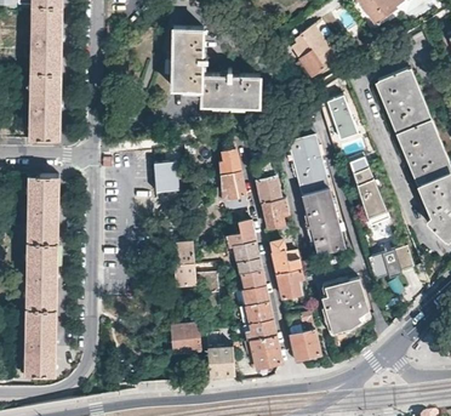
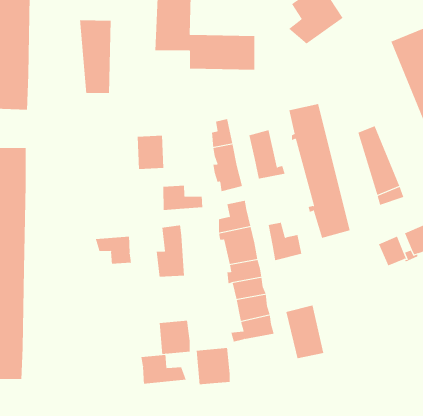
building: none -> [80,20,111,94]
building: [329,92,358,136] -> none
building: [262,196,289,238] -> none
building: none -> [163,185,203,211]
building: none -> [95,236,131,264]
building: [276,267,304,300] -> none
building: [322,277,370,332] -> none
building: [250,337,281,369] -> none
building: none -> [141,354,186,384]

